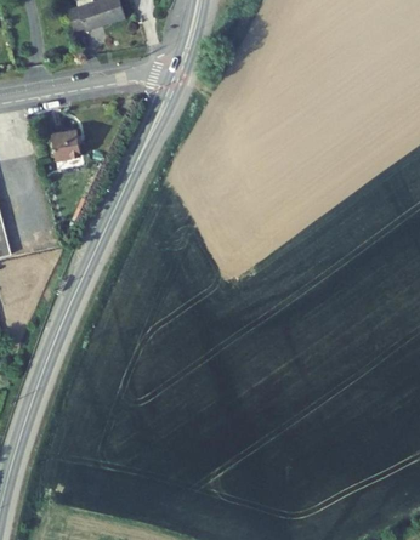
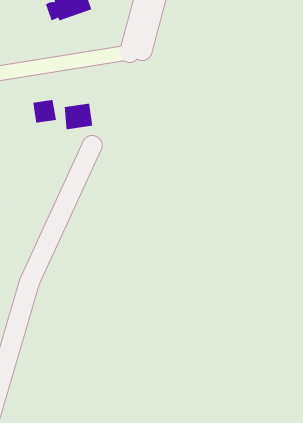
building: none -> [64,103,93,130]

